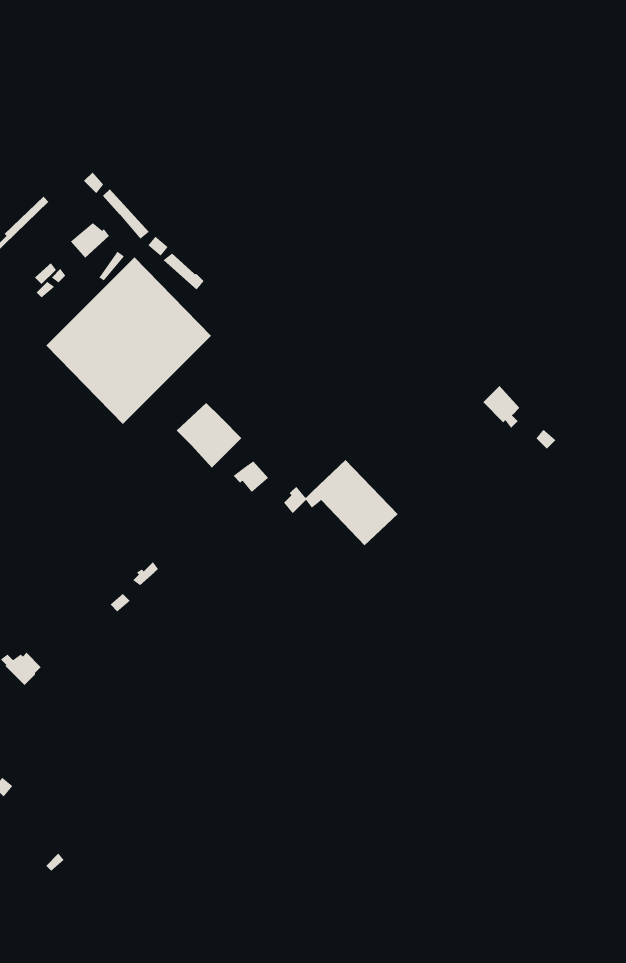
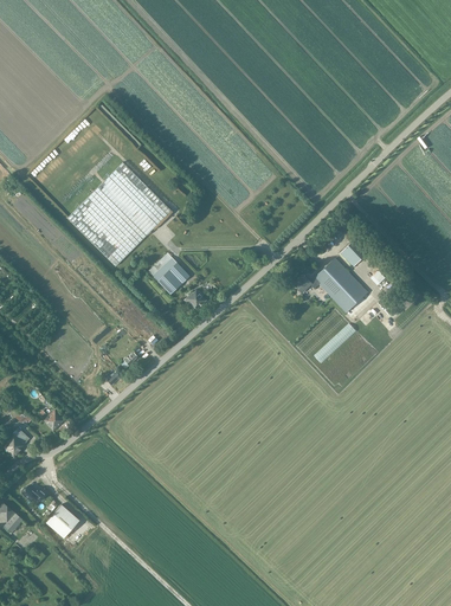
building: [283,459,399,546] -> [297,258,369,312]
building: none -> [46,504,79,537]

